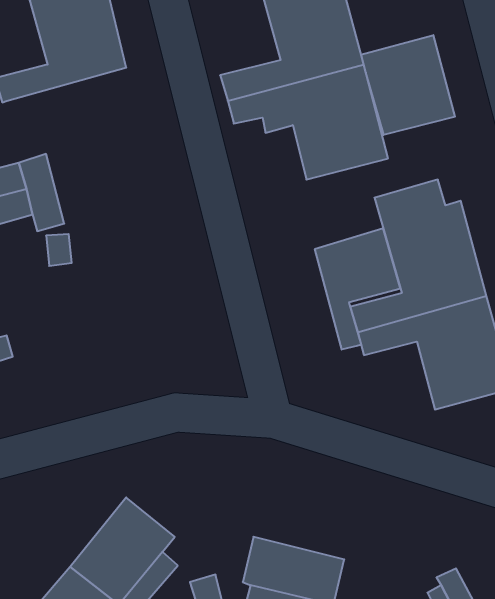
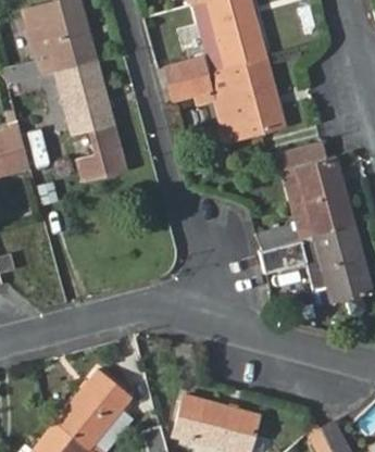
building: [361,35,455,135] -> none
building: none -> [11,61,126,183]
building: [315,228,400,350] -> none

